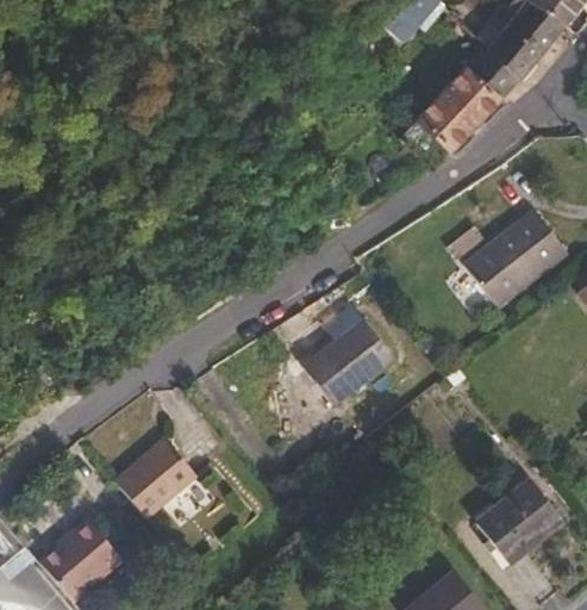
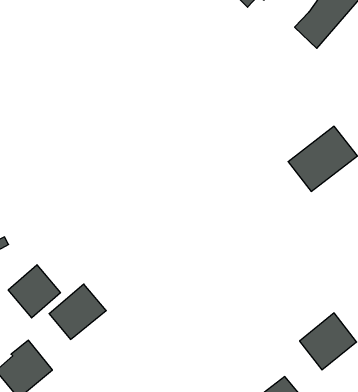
building: [404,67,504,166] -> none
building: [302,300,393,405] -> none
building: none -> [8,265,60,318]

